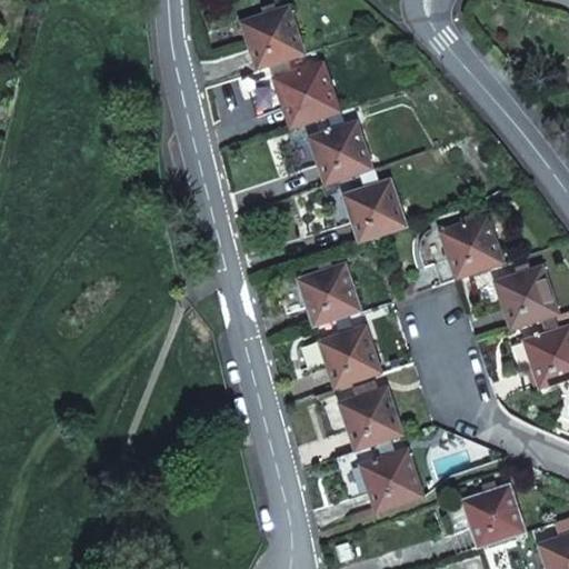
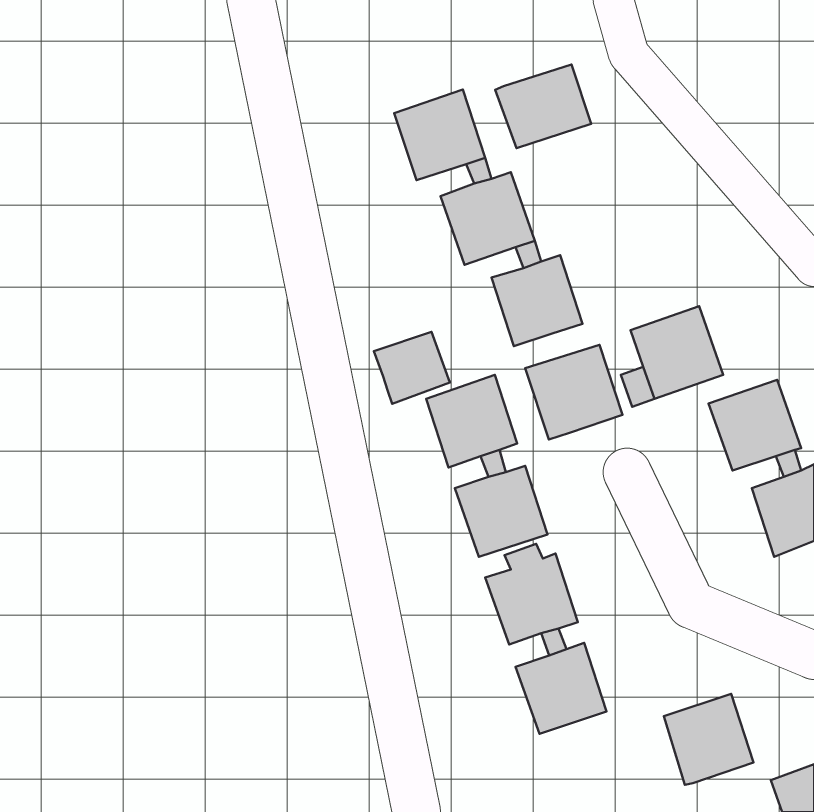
building: [240,6,305,69] -> none
building: none -> [495,64,591,148]
building: none -> [374,332,450,404]
building: none -> [525,345,622,439]

